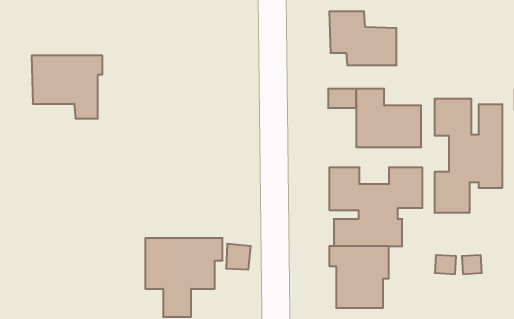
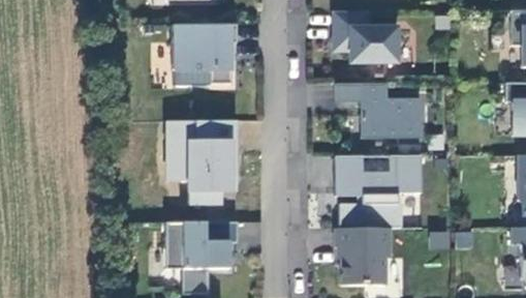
building: [32,56,102,118] -> [173,25,238,83]
building: [435,99,502,213] -> none
building: none -> [181,121,238,189]

